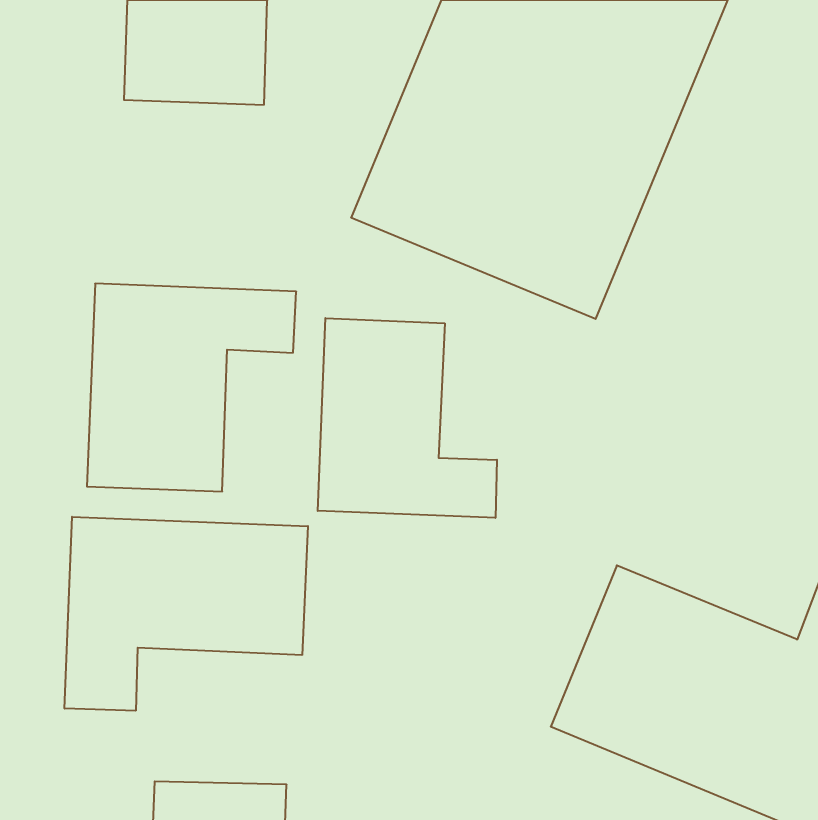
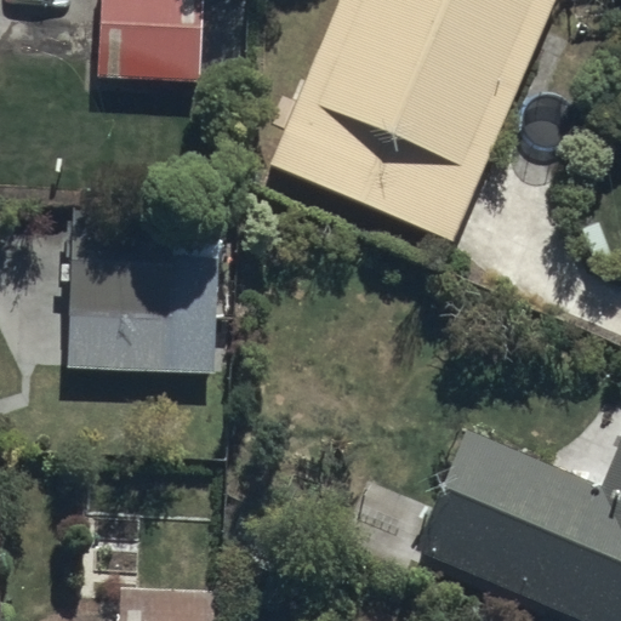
building: [318,318,497,518] -> none
building: [65,517,308,711] -> none

